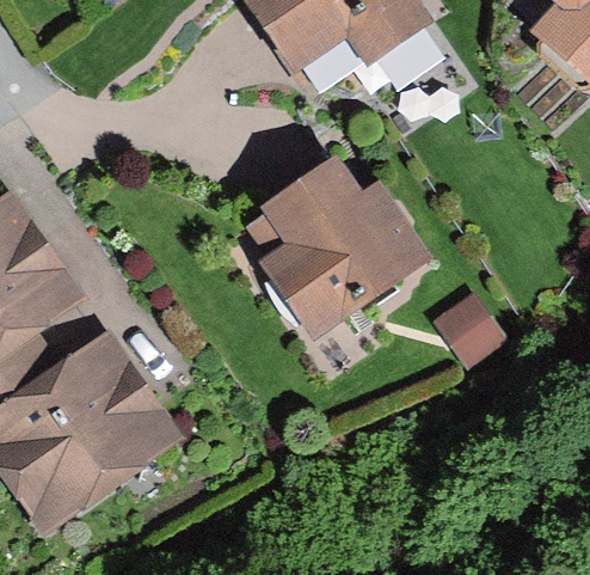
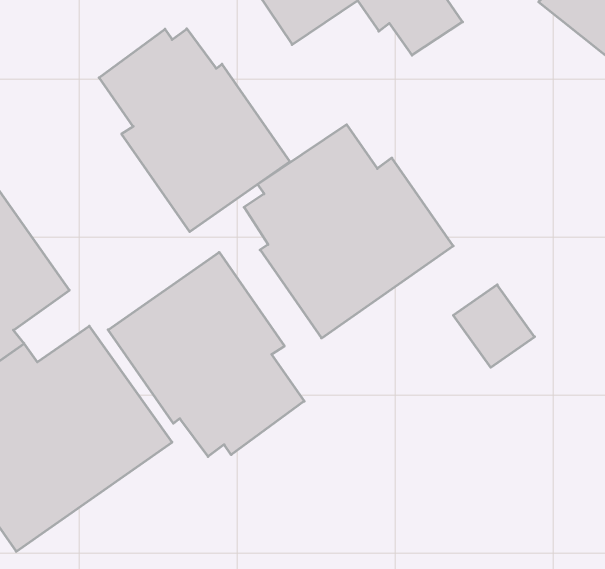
building: none -> [99,29,290,232]
building: none -> [108,252,304,457]

